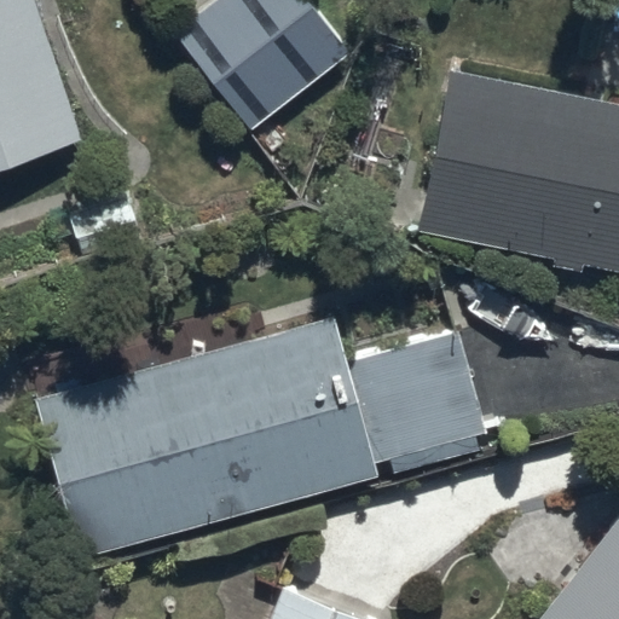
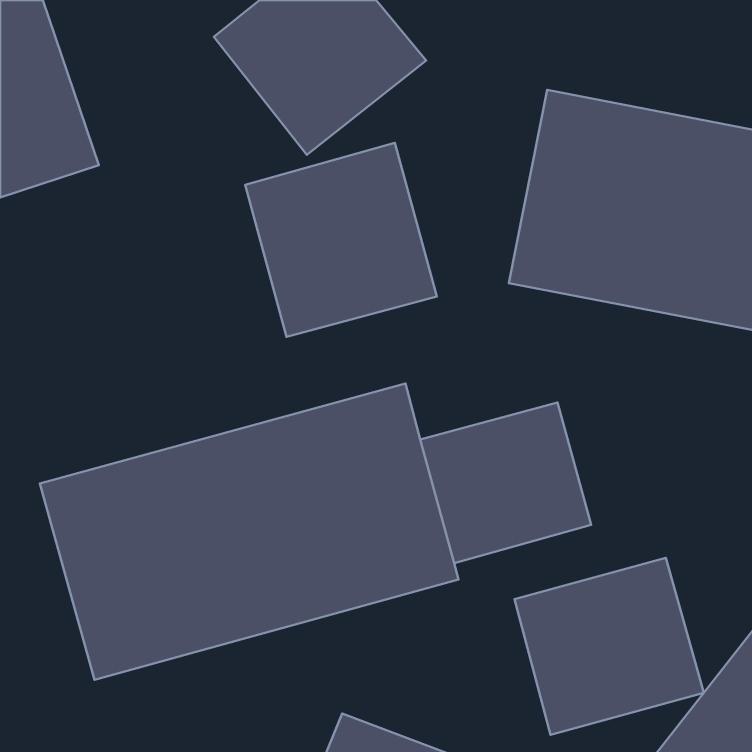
building: none -> [245,143,437,337]
building: none -> [514,558,704,735]

